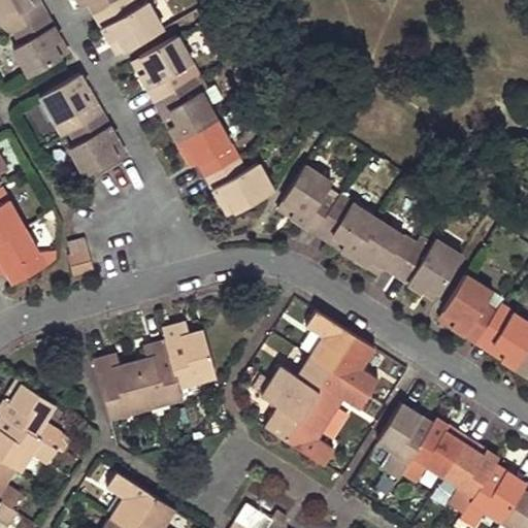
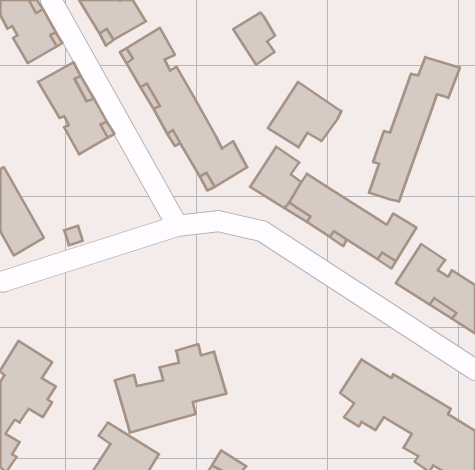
building: none -> [233,13,275,65]
building: none -> [369,57,460,202]
building: none -> [268,82,341,147]
building: [261,310,378,464] -> none
building: [93,321,217,419] -> [115,344,226,433]

